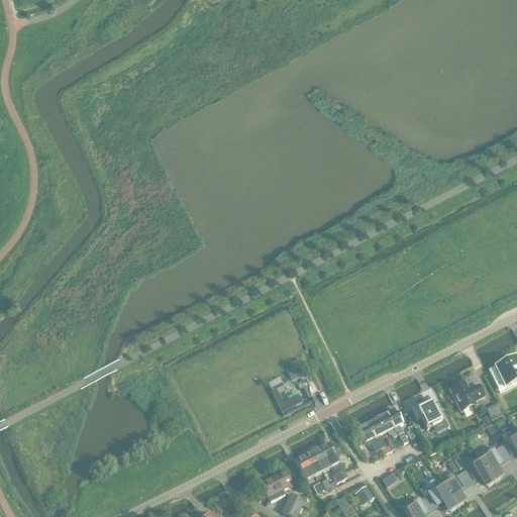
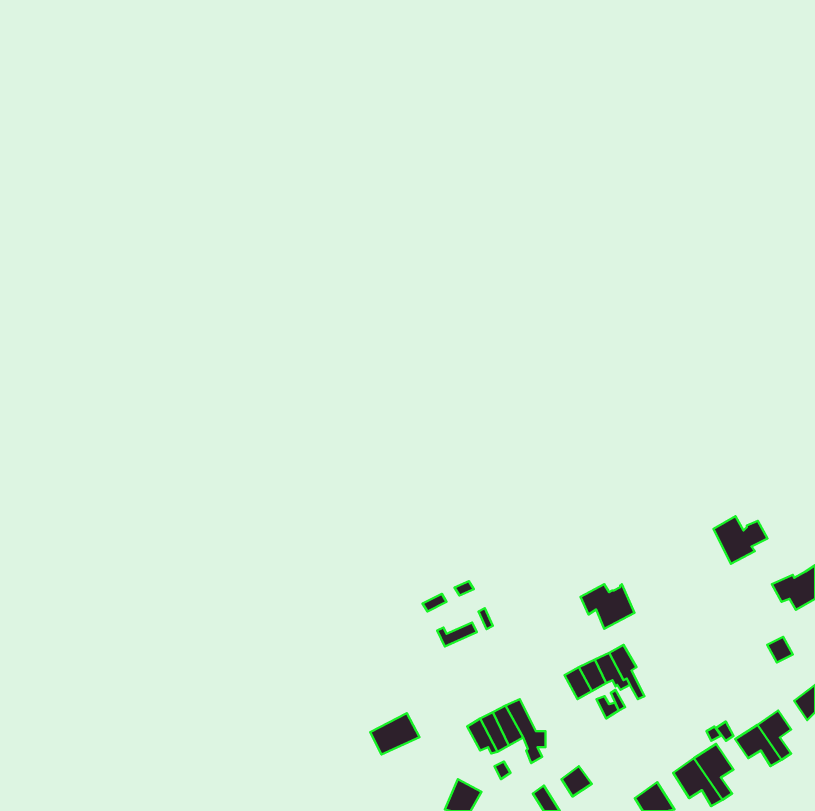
building: [450,381,485,411] -> [713,516,768,564]
building: [412,400,446,428] -> [580,584,635,629]
building: [262,470,293,496] -> [370,713,420,755]

